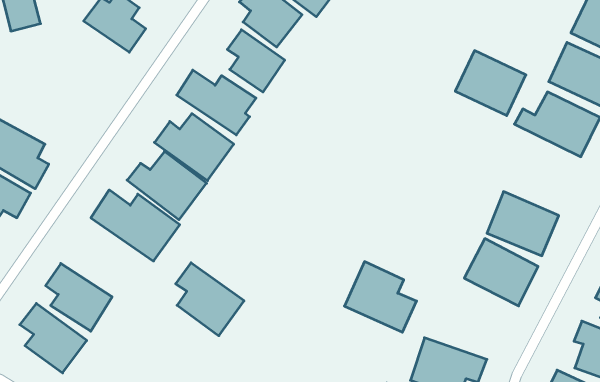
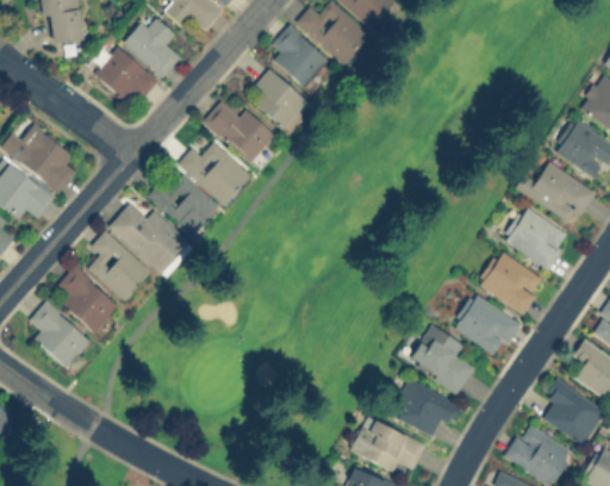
building: none -> [94,45,158,100]
building: [455,51,526,116] -> [504,206,572,270]
building: [344,262,417,332] -> [407,323,475,393]
building: [176,263,244,336] -> [88,229,151,300]

